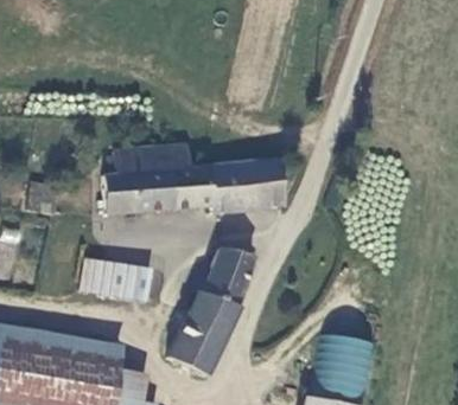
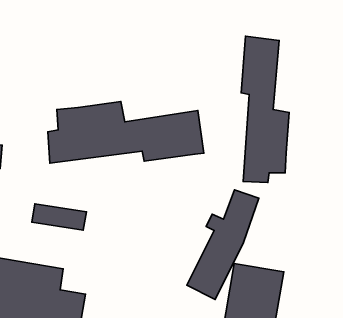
building: none -> [241,36,289,182]
building: [167,252,252,380] -> [187,190,259,299]

